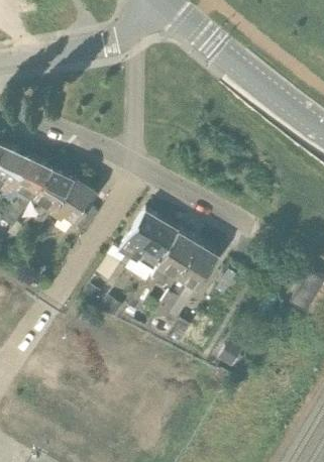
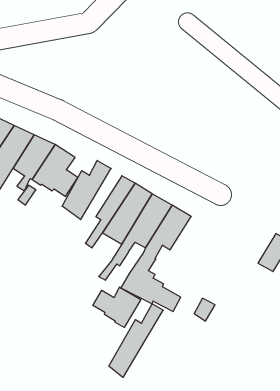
building: none -> [62,160,111,220]
building: none -> [93,287,141,327]
building: none -> [109,304,163,377]

